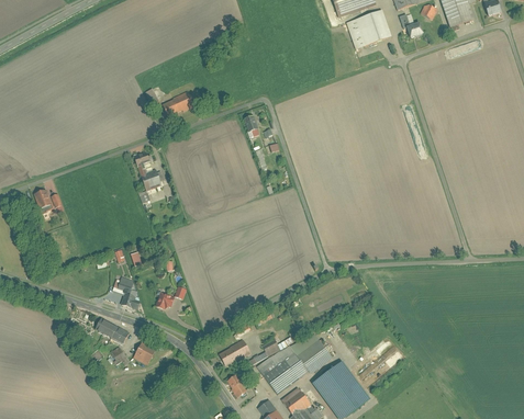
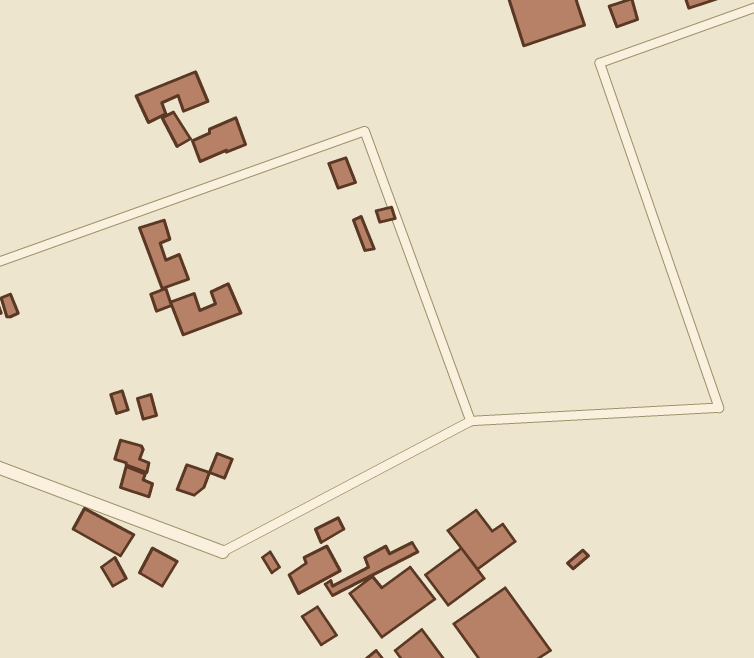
building: none -> [136,72,208,122]
building: none -> [170,284,241,335]
building: none -> [448,510,515,569]

